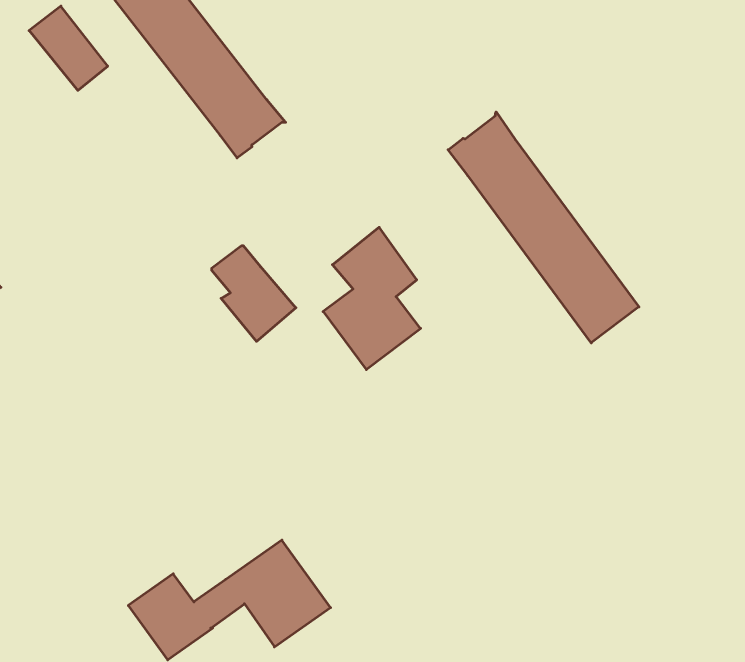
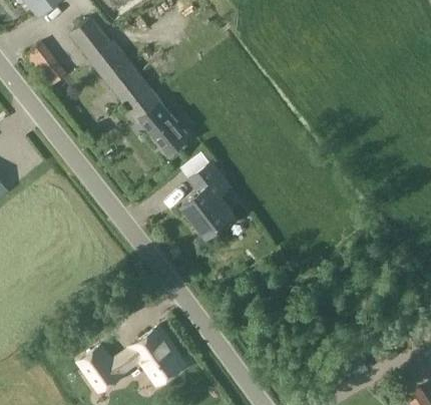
building: [448,112,639,343] -> none
building: [212,246,296,341] -> [144,104,189,155]

